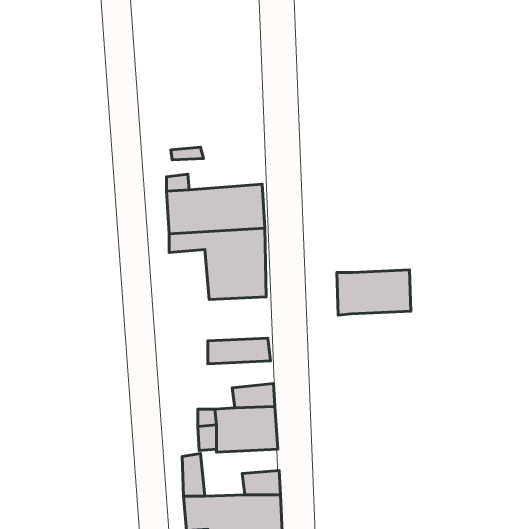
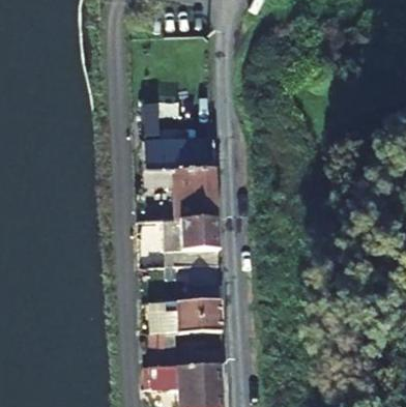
building: [337,270,411,315] -> [162,221,215,254]

